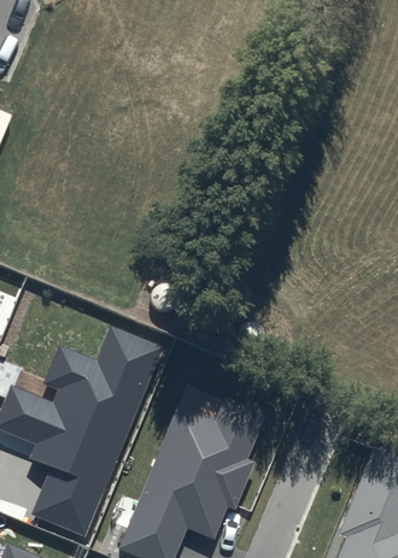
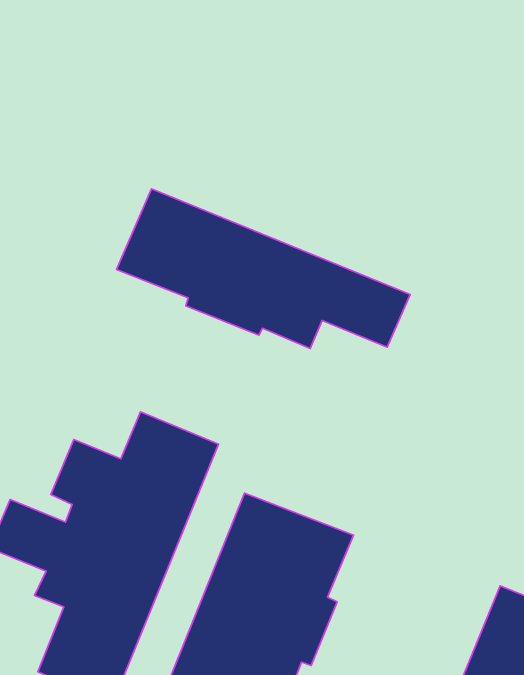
building: none -> [117,189,410,348]

